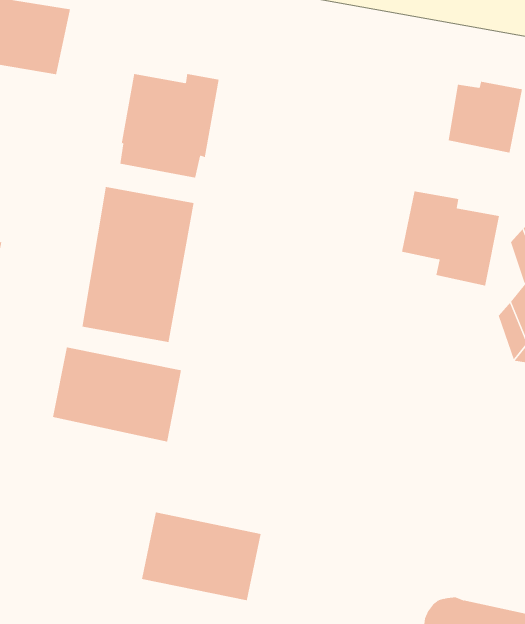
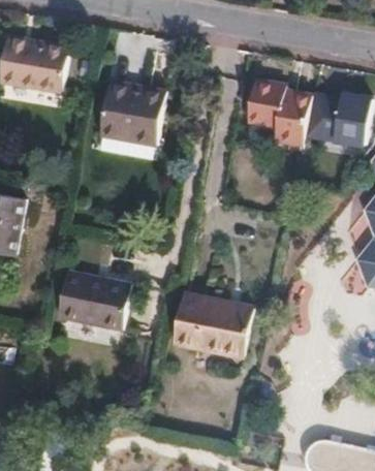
building: [82,186,194,343] -> none
building: [401,191,500,286] -> [247,82,312,145]
building: [141,512,262,601] -> [174,296,253,355]

